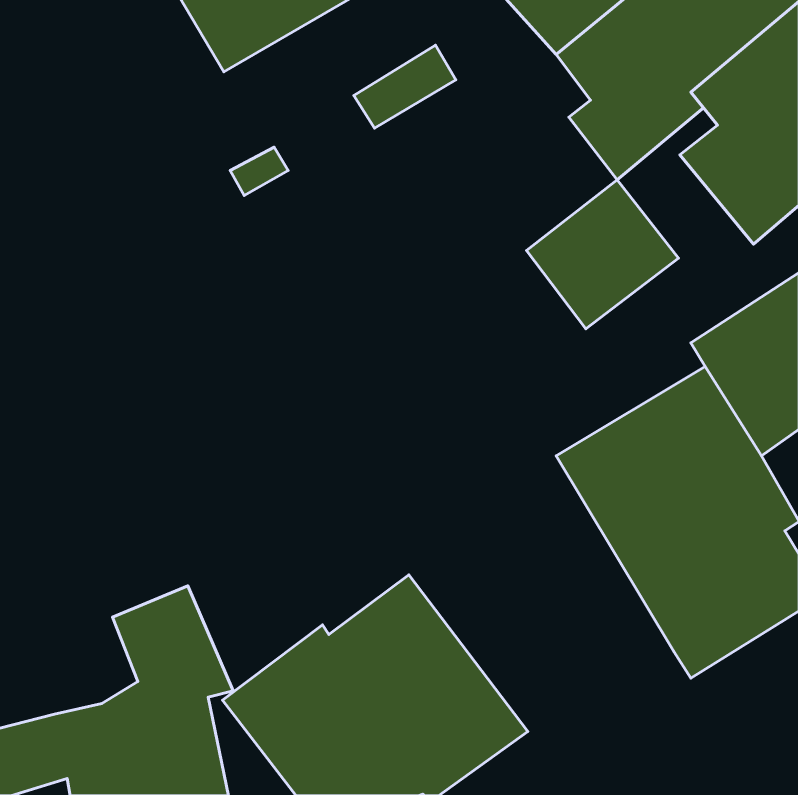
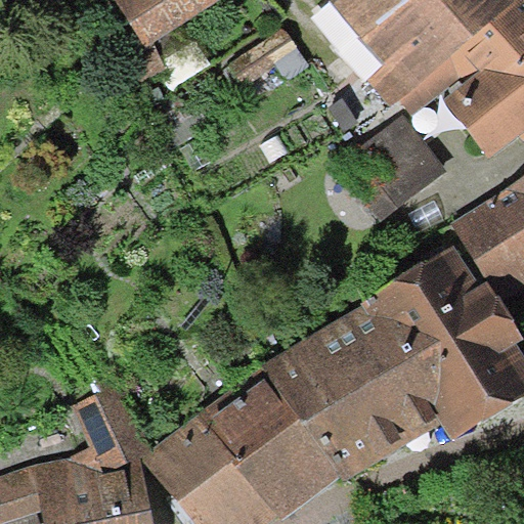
building: none -> [261,299,441,483]

